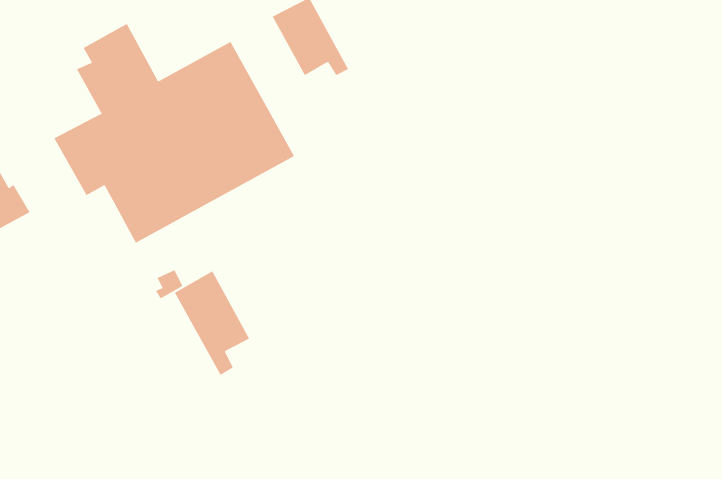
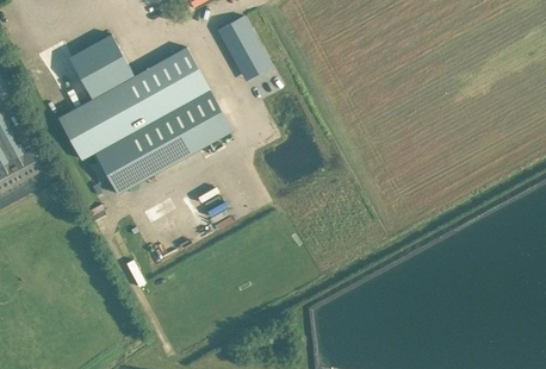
building: [174,270,250,376] -> none

